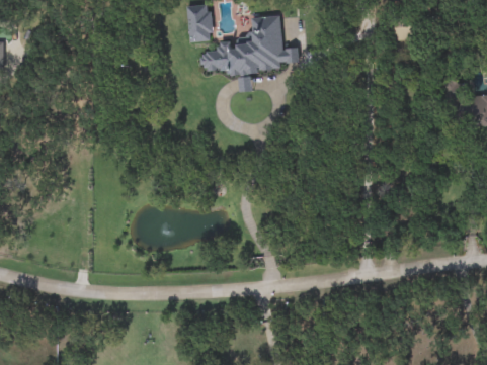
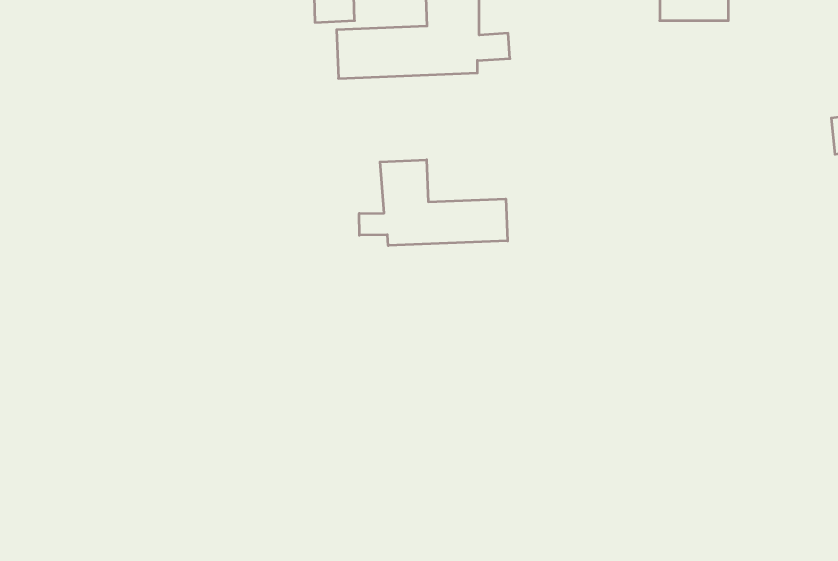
building: none -> [359,160,508,246]

